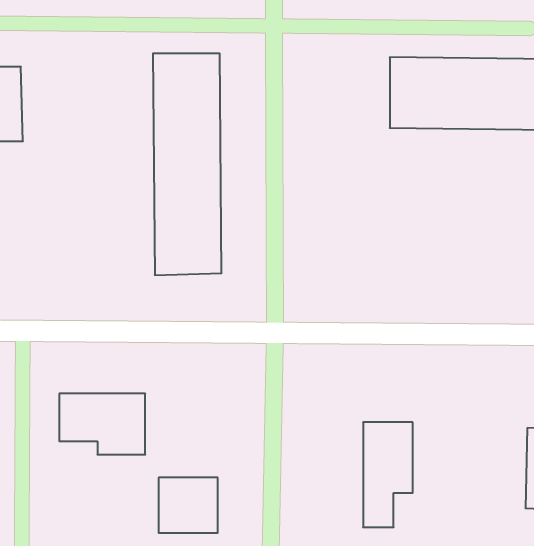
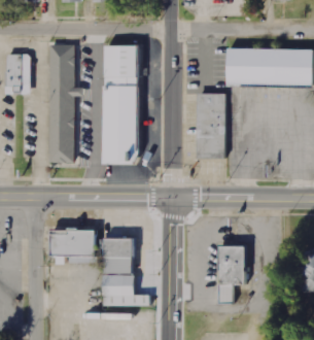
building: none -> [47,45,73,164]
building: none -> [198,94,226,160]
building: none -> [105,238,135,274]

